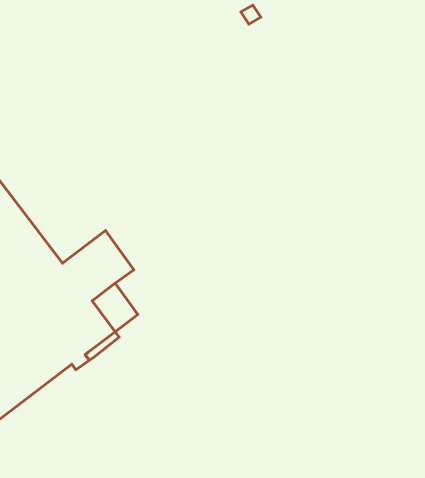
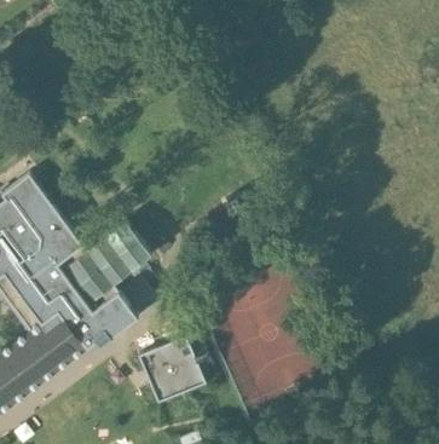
building: none -> [137,338,208,405]

